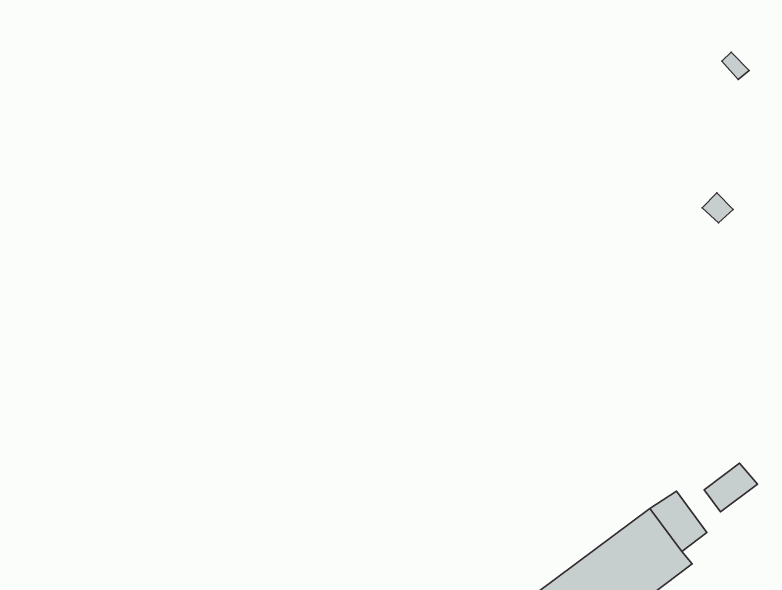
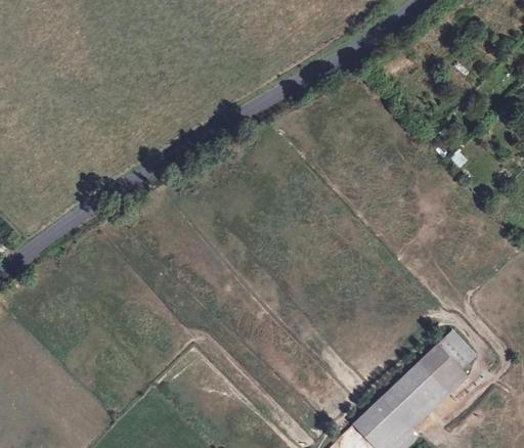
building: [704,463,757,512] -> none

